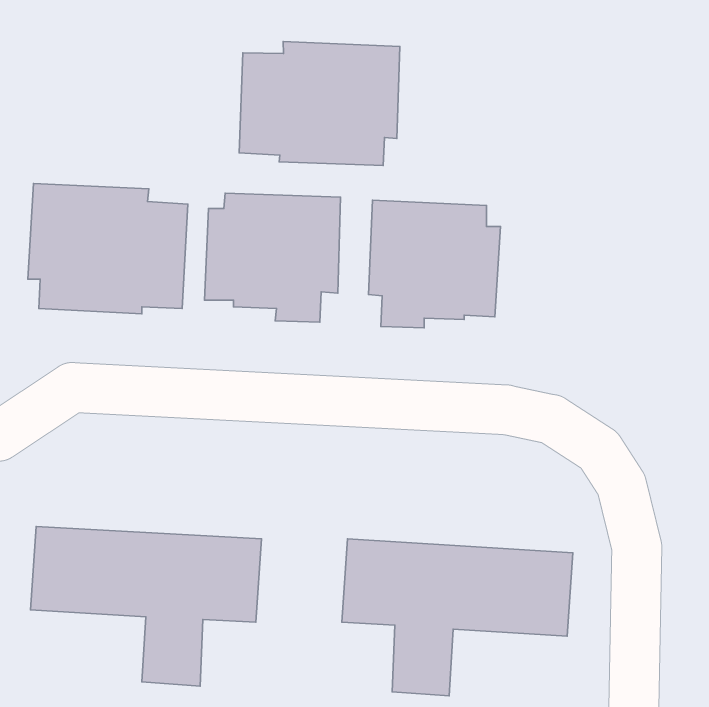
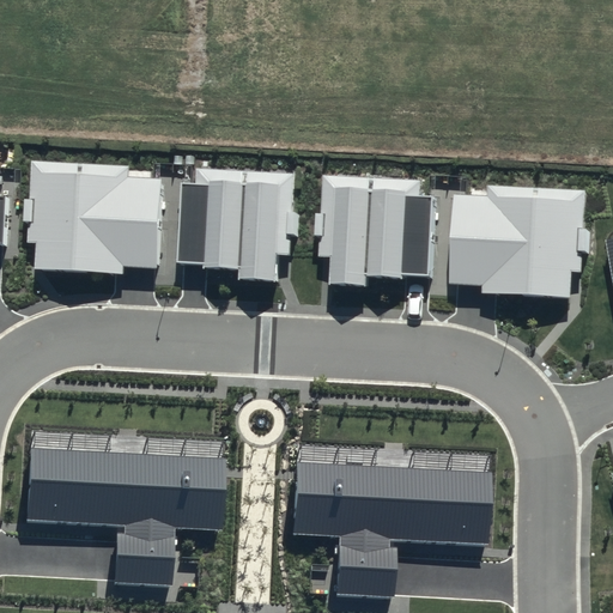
building: [239,42,400,165] -> none
building: none -> [447,182,585,295]

